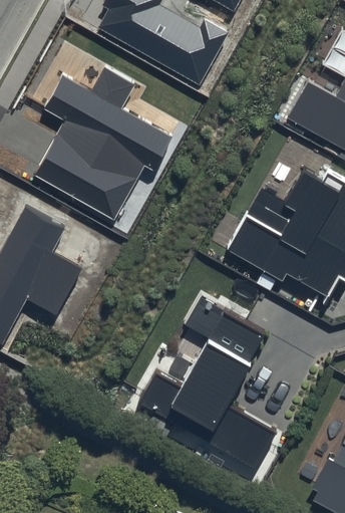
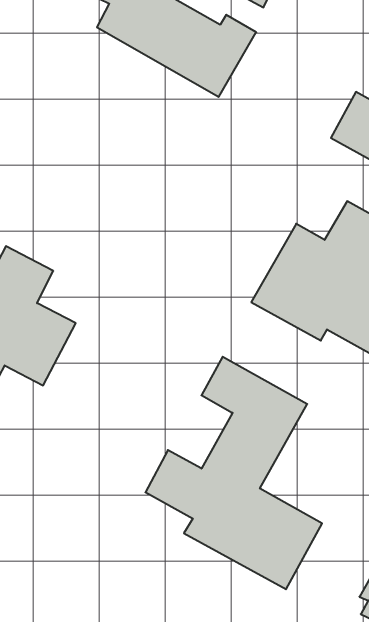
building: [33,64,172,221] -> none

